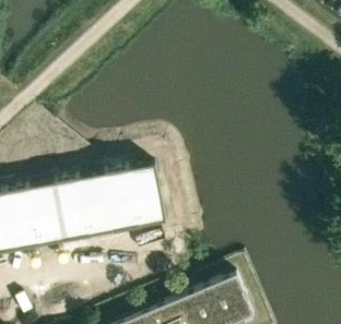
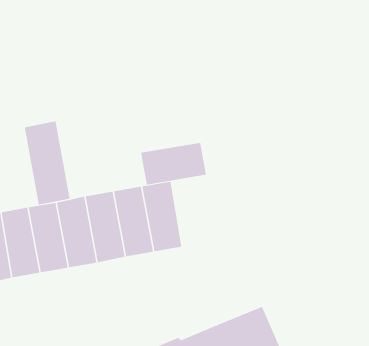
building: none -> [24,121,70,205]
building: none -> [141,142,207,185]

